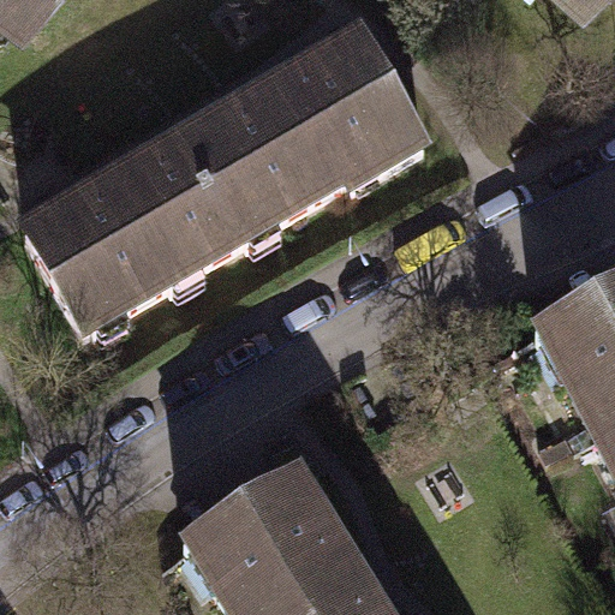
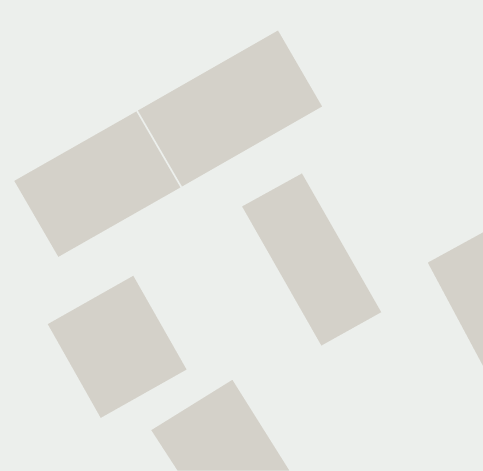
building: none -> [241,172,382,346]
building: none -> [47,275,188,419]

